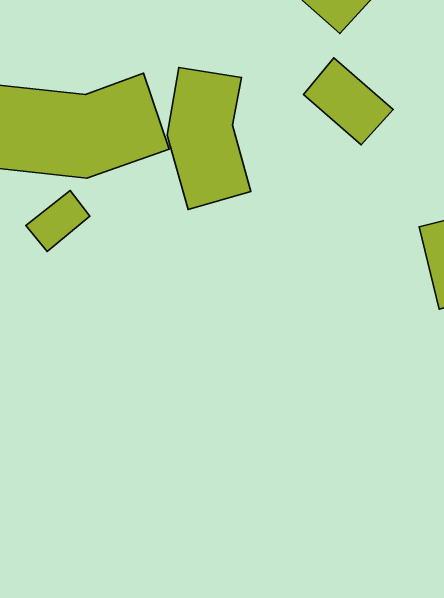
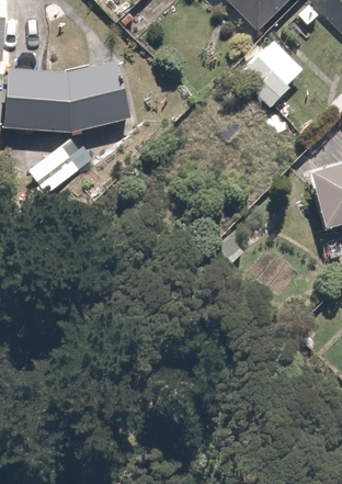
building: [167,67,251,210] -> none

